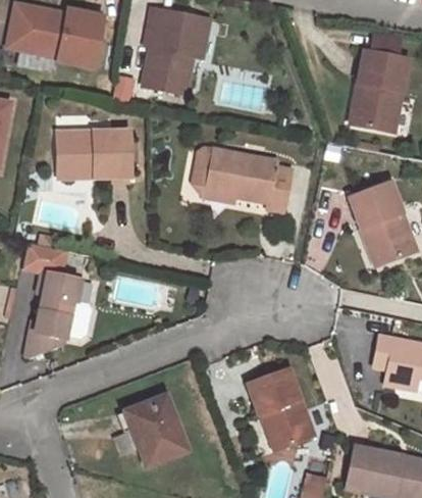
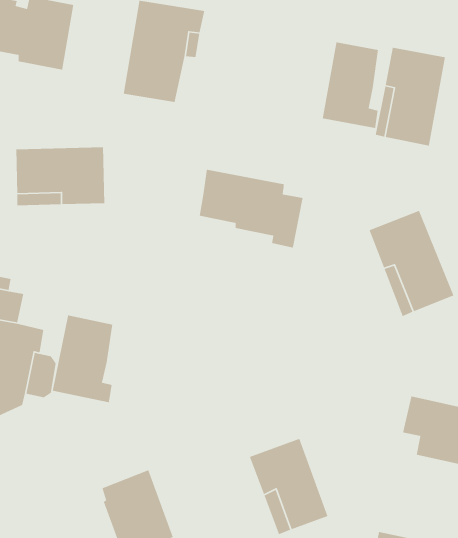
building: none -> [322,41,379,129]
building: [191,166,236,207] -> none
building: none -> [52,315,113,403]

